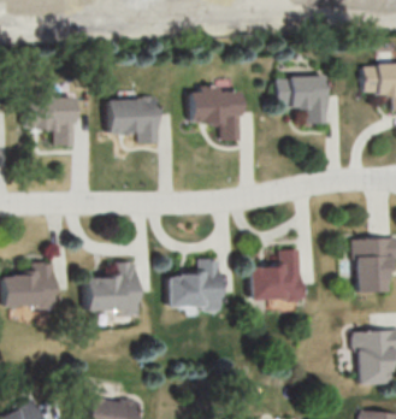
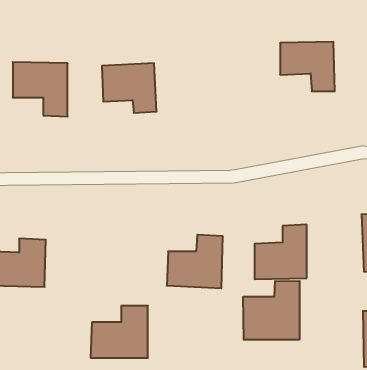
building: [190,89,243,140] -> none
building: [84,262,138,312] -> [91,306,148,358]
building: none -> [243,281,300,340]

